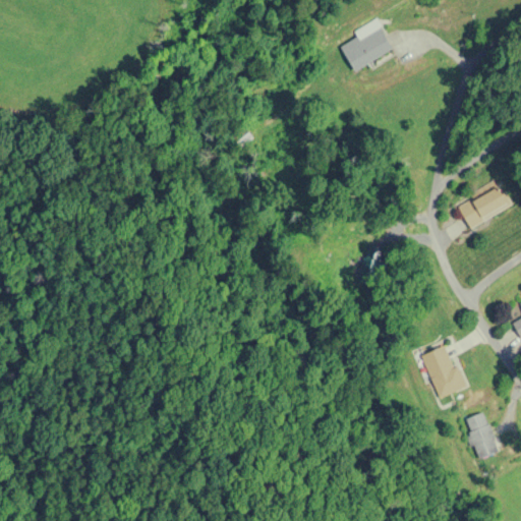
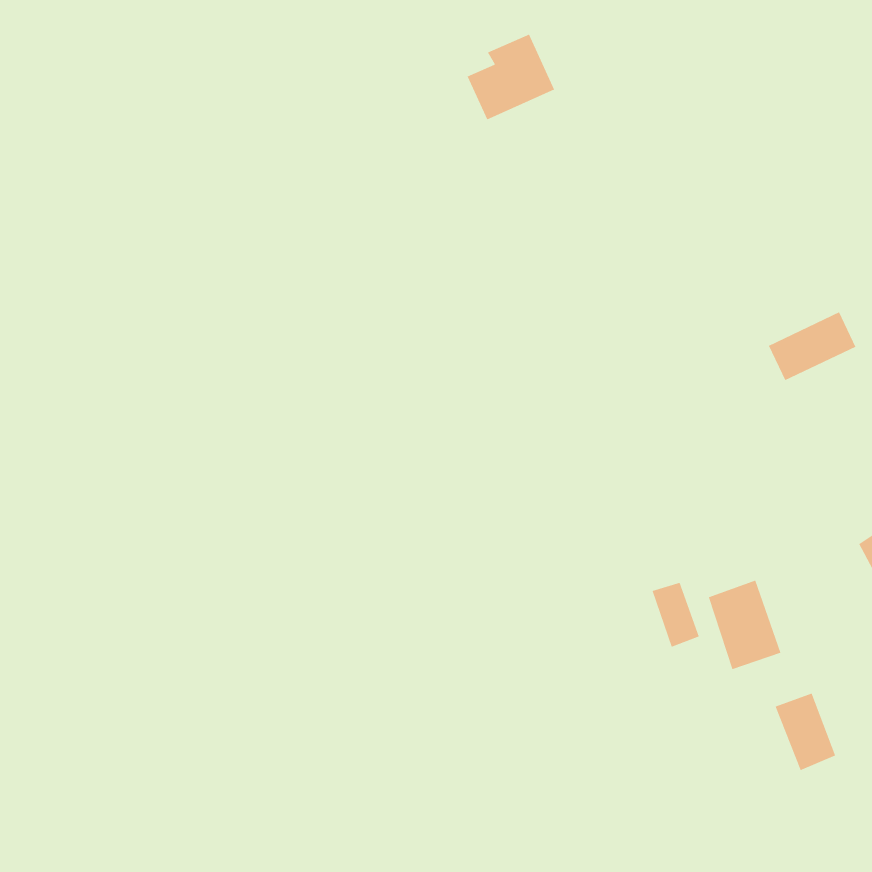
building: [343,18,396,70] -> [466,33,555,121]
building: none -> [652,582,700,648]

